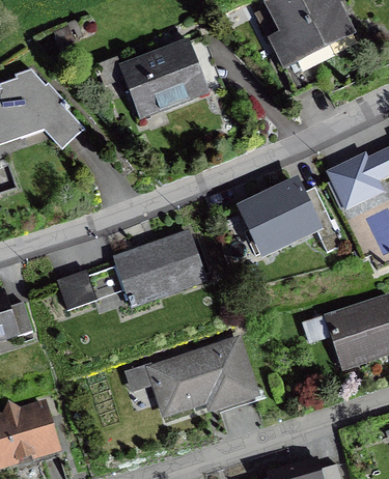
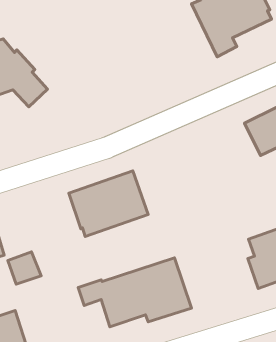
building: [93,37,210,129] -> none
building: [240,177,344,258] -> none
building: [56,270,96,309] -> [8,252,41,284]

